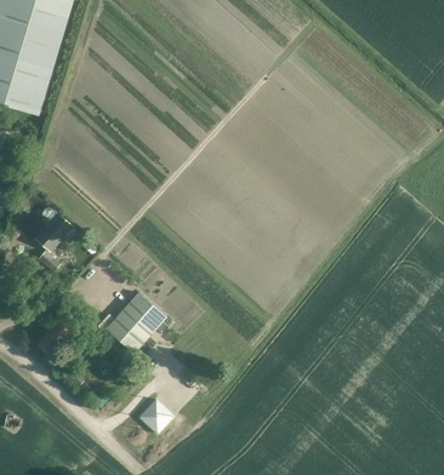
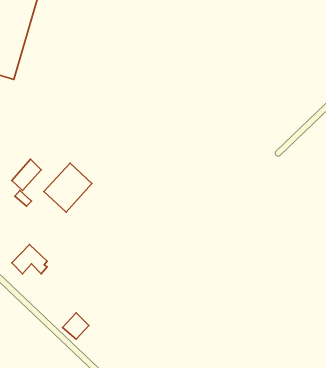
building: [106,293,165,354] -> [44,163,92,212]
building: [140,399,172,431] -> [62,313,89,339]

